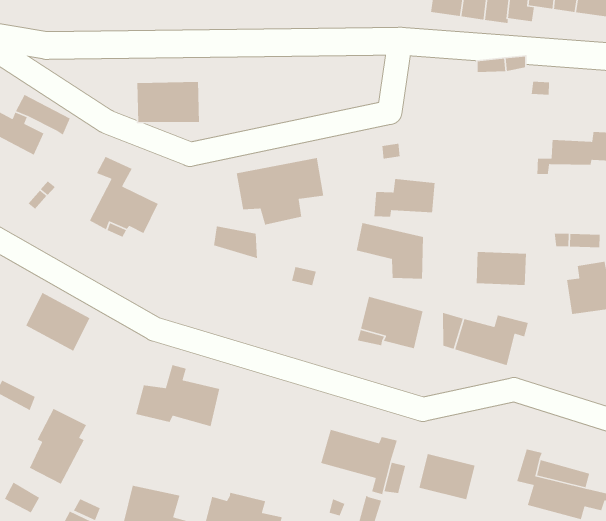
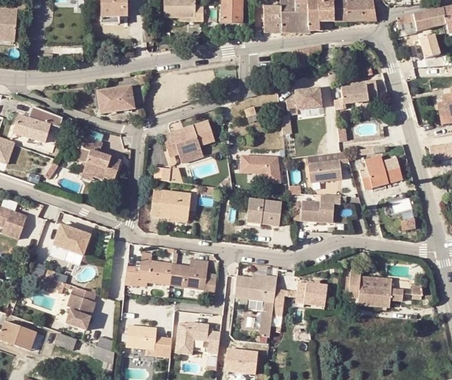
building: [374,178,436,217] -> [288,90,323,115]
building: none -> [152,190,192,221]
building: none -> [169,250,216,294]

